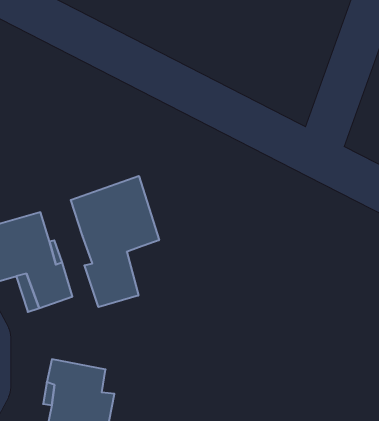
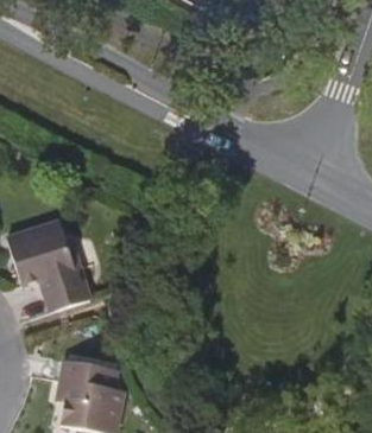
building: [71,176,159,307] -> none

